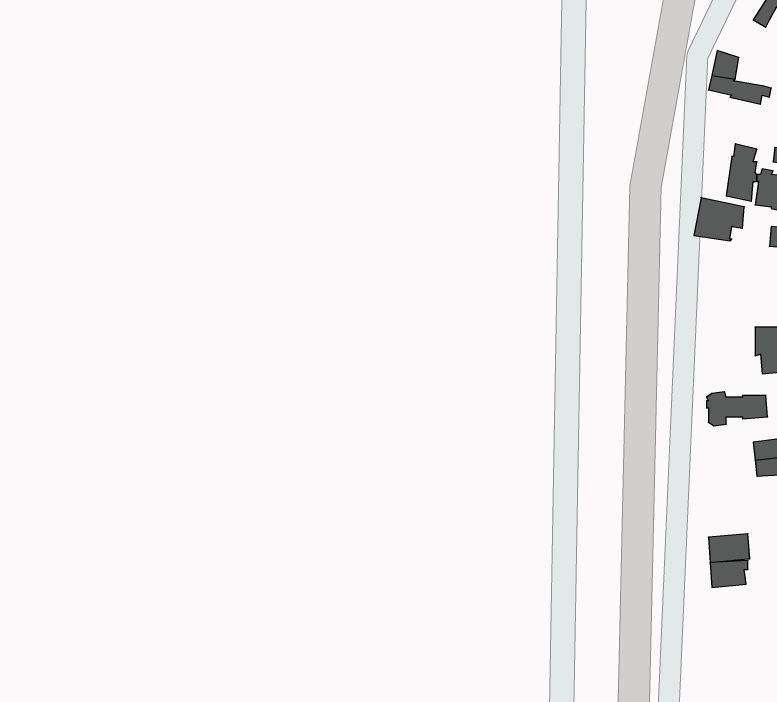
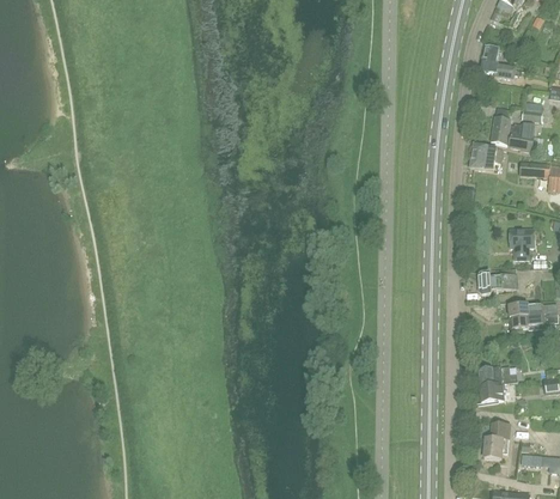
building: none -> [483,421,510,457]

